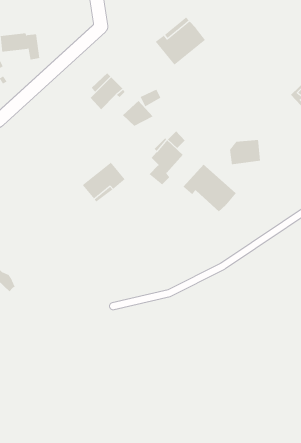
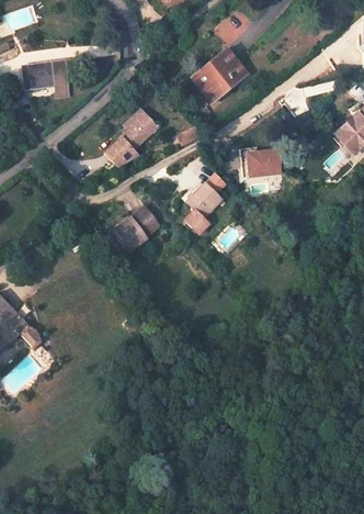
building: [122,100,154,127] -> [103,136,137,165]
building: [229,139,261,165] -> [247,149,281,177]
building: [182,164,236,212] -> none

